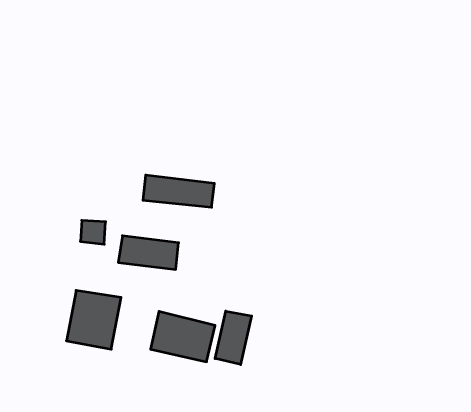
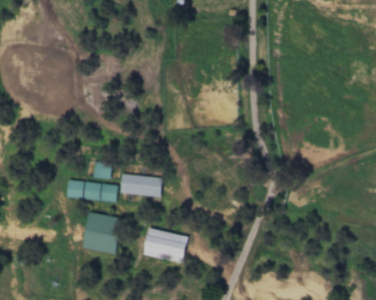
building: [143,175,214,207] -> [65,179,116,202]
building: [215,311,252,365] -> none

